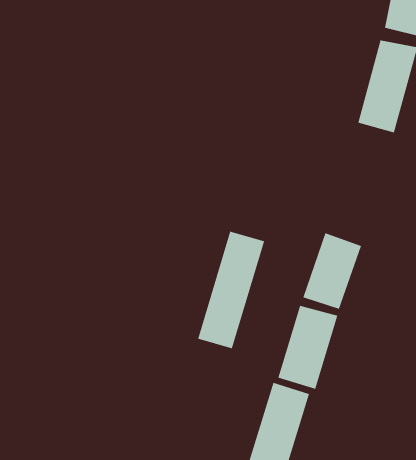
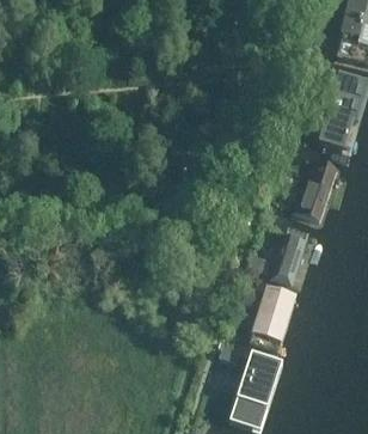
building: none -> [298,158,344,224]
building: [197,231,265,349] -> none

